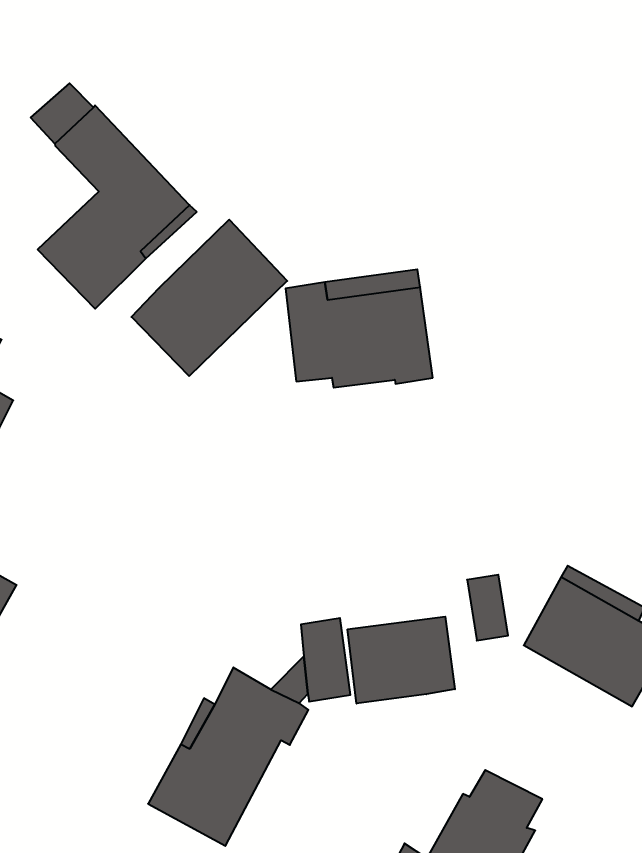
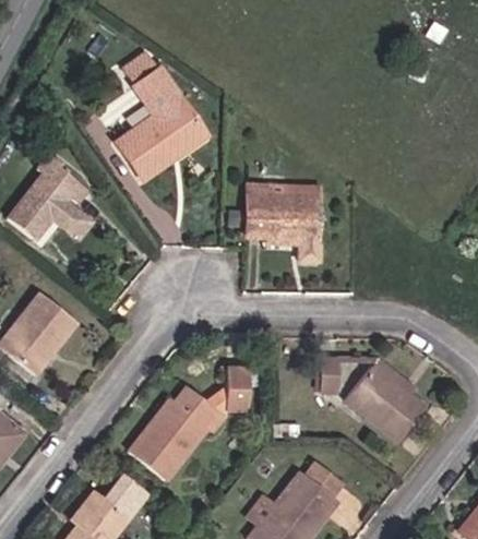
building: [131,220,287,376] -> none
building: [348,617,455,704] -> none

